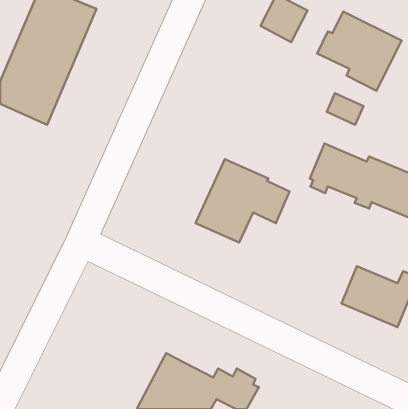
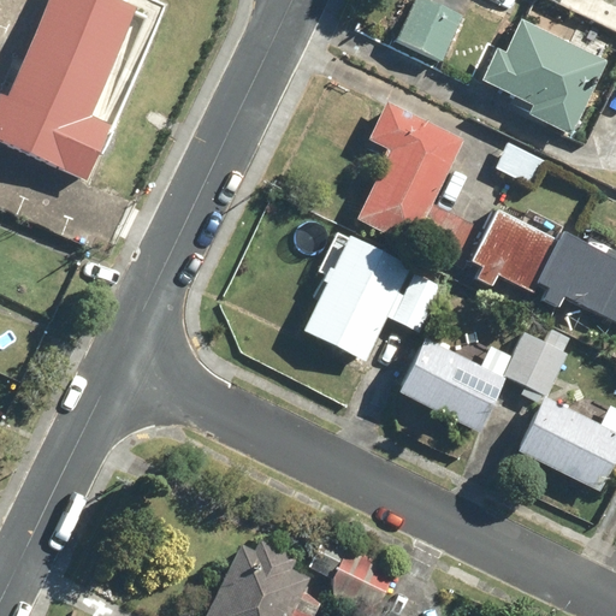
building: none -> [355,101,464,256]
building: none -> [504,325,571,393]
building: none -> [393,338,503,433]

